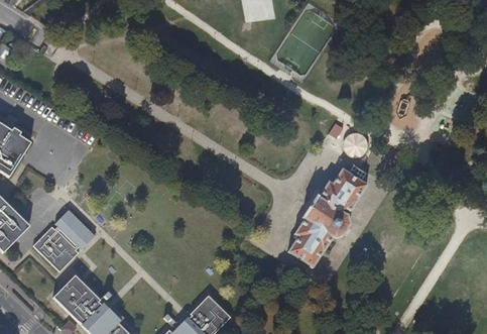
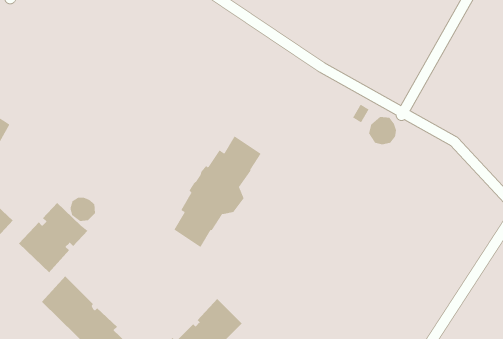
building: [288,169,366,267] -> [174,136,262,248]
building: none -> [70,197,96,222]

